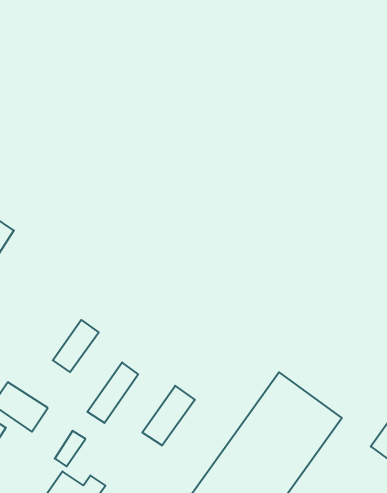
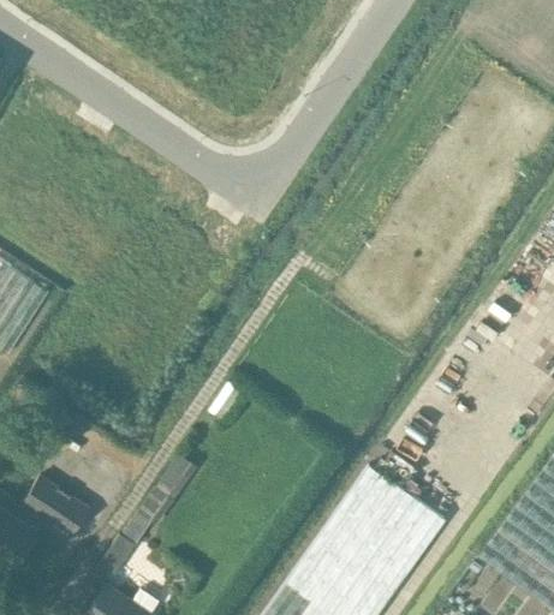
building: [53,320,99,372] -> none
building: [142,386,195,446] -> none

